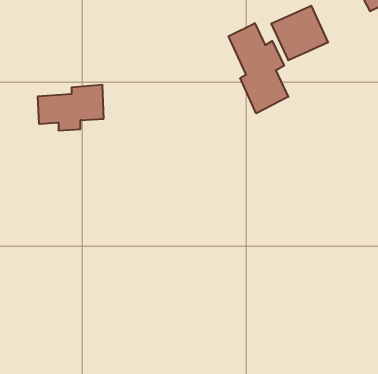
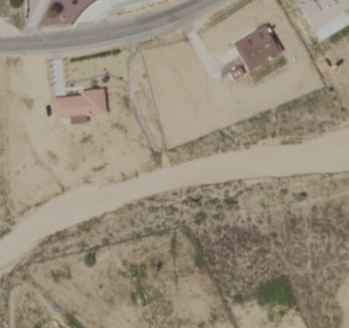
building: [229,23,288,113] -> none

